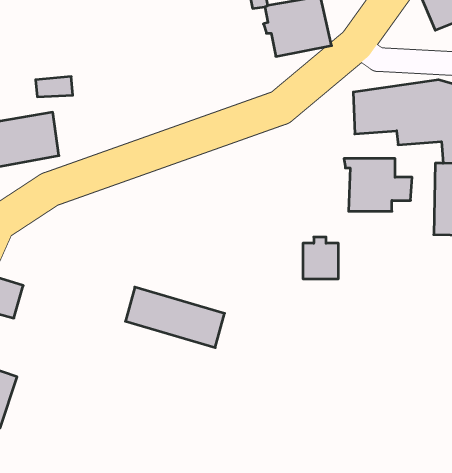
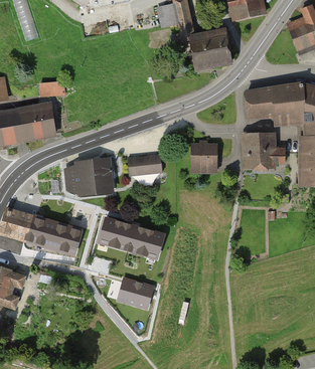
building: none -> [128,155,162,176]
building: none -> [66,161,115,194]
building: [303,237,338,279] -> [192,141,215,168]
building: none -> [26,217,82,252]
building: none -> [118,279,153,308]

